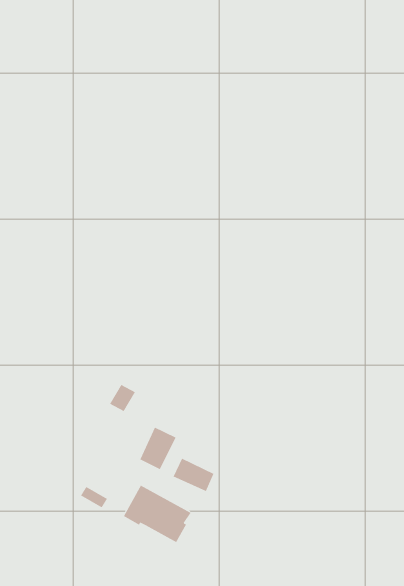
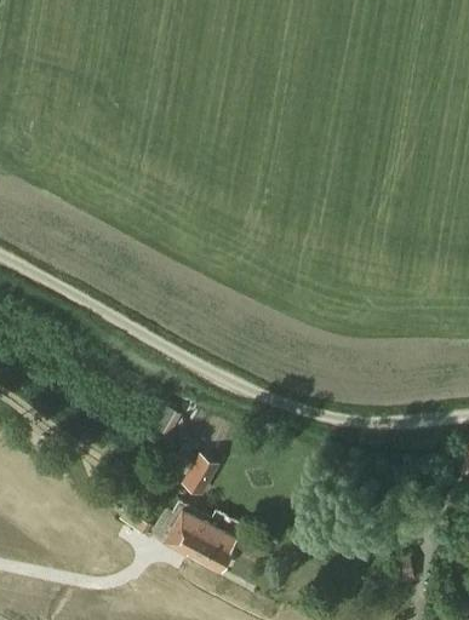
building: [173,458,214,492] -> none

